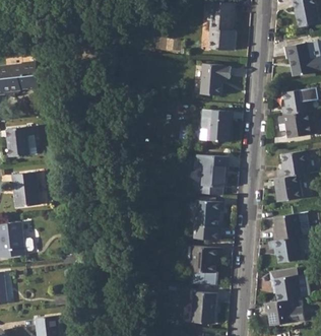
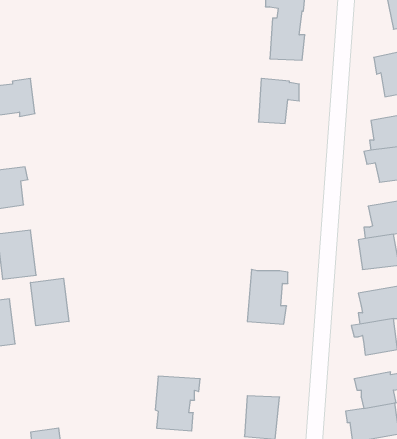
building: [203,111,232,142] -> none
building: [195,155,231,195] -> none
building: none -> [31,278,69,326]
building: [192,247,224,286] -> [155,376,200,431]

